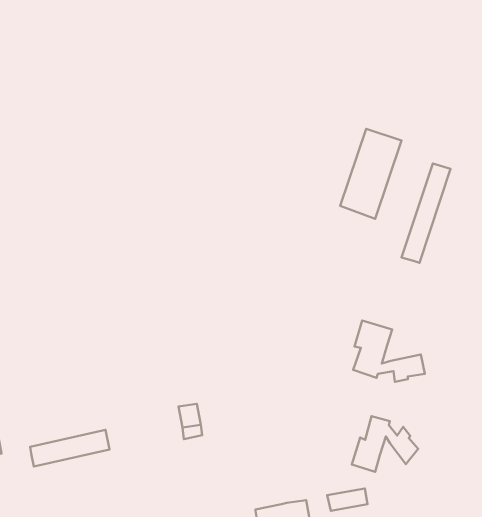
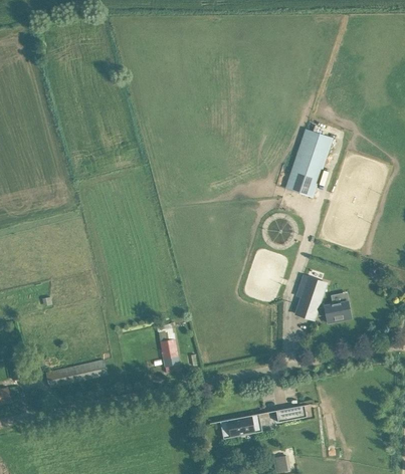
building: [402,163,451,263] -> none
building: [352,416,418,472] -> none

